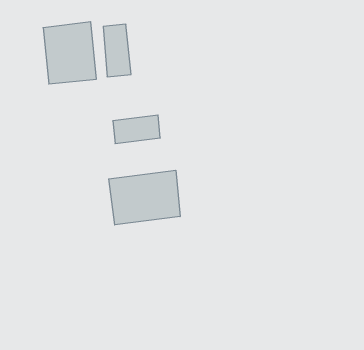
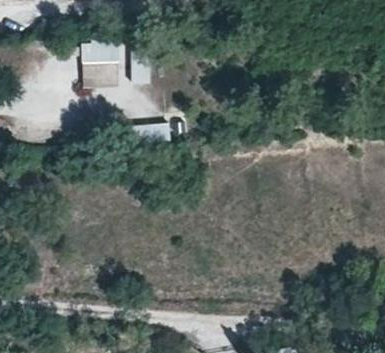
building: [109,170,180,225] -> none

